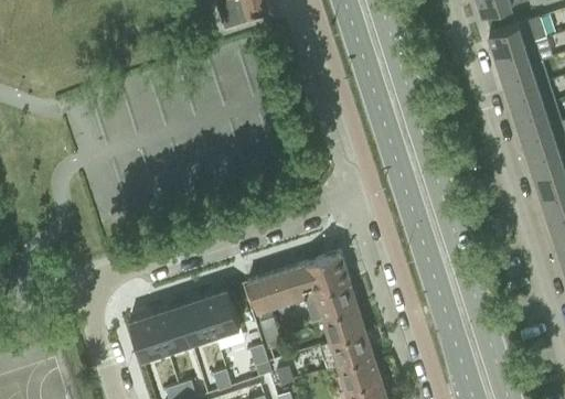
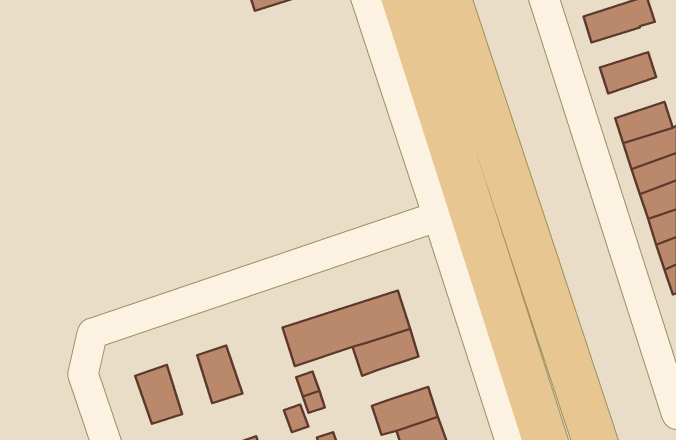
building: [495,44,541,76] -> none
building: [509,84,554,117] -> none
building: [202,291,241,337] -> none
building: [154,306,191,354] -> none
building: [323,308,364,343] -> none

